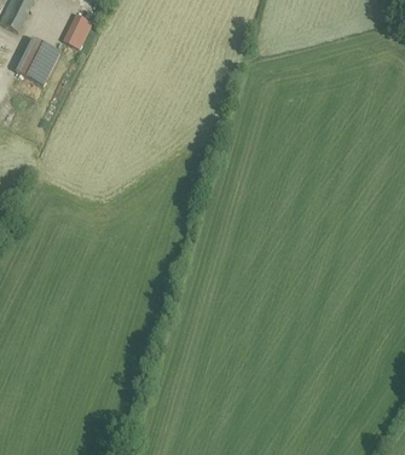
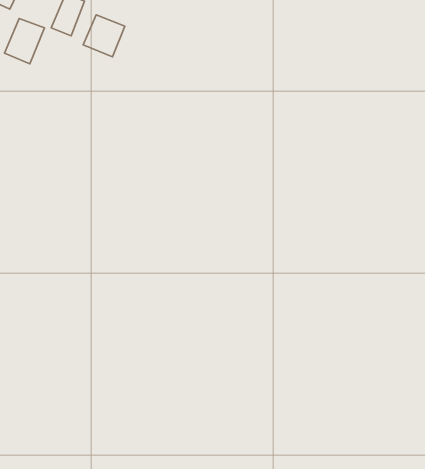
building: none -> [83,15,125,57]

